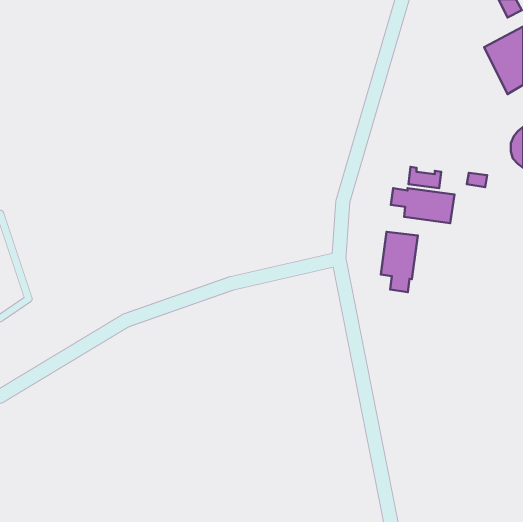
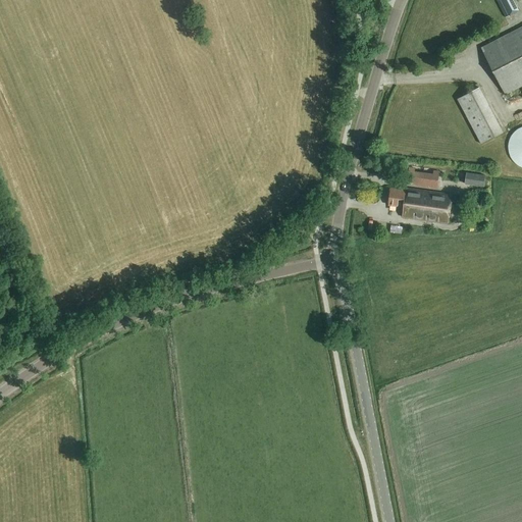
building: none -> [458,87,504,144]
building: [381,232,418,292] -> none

